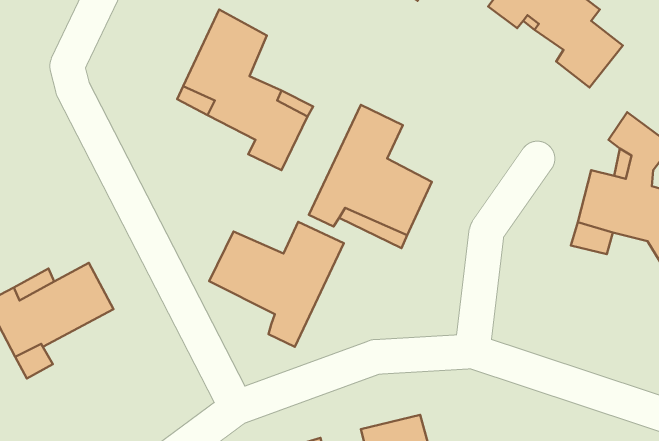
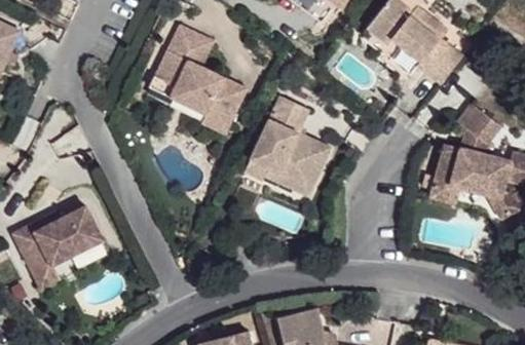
building: [209,222,344,347] -> none

